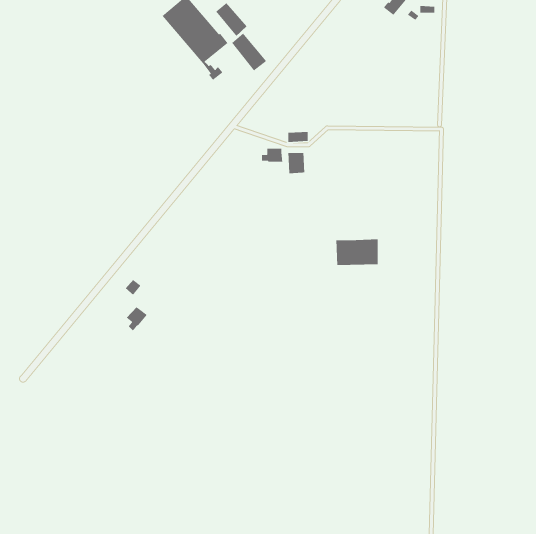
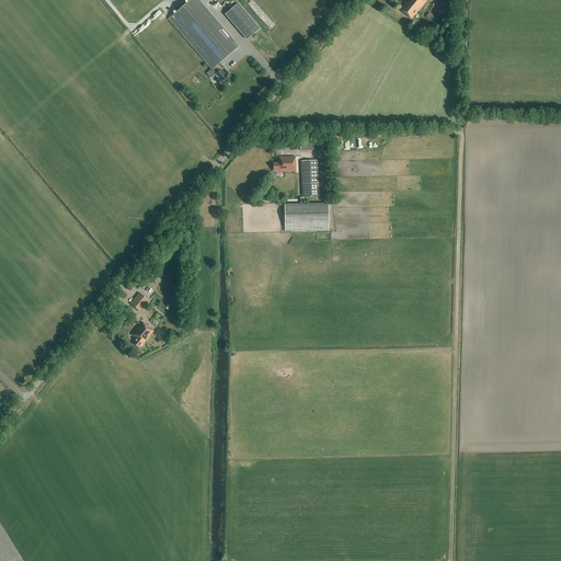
building: [231,33,267,71] -> none
building: [336,238,379,266] -> [284,202,329,230]

